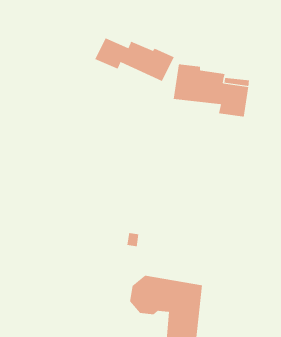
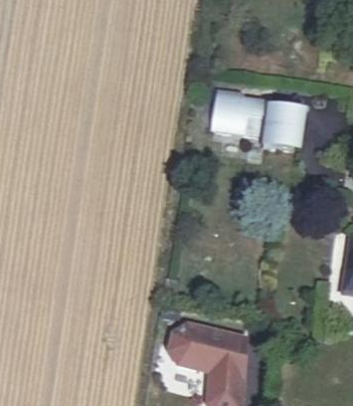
building: [95,38,175,82] -> none

